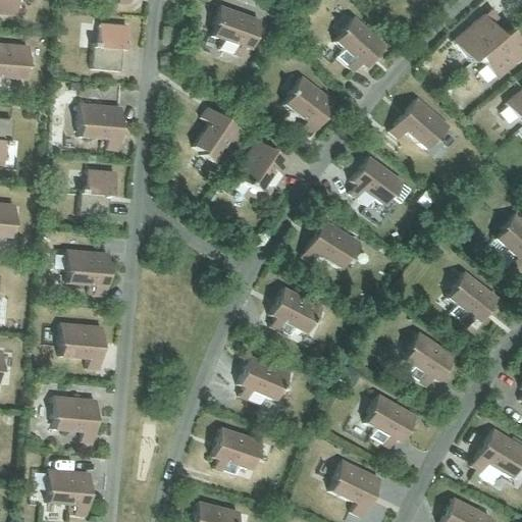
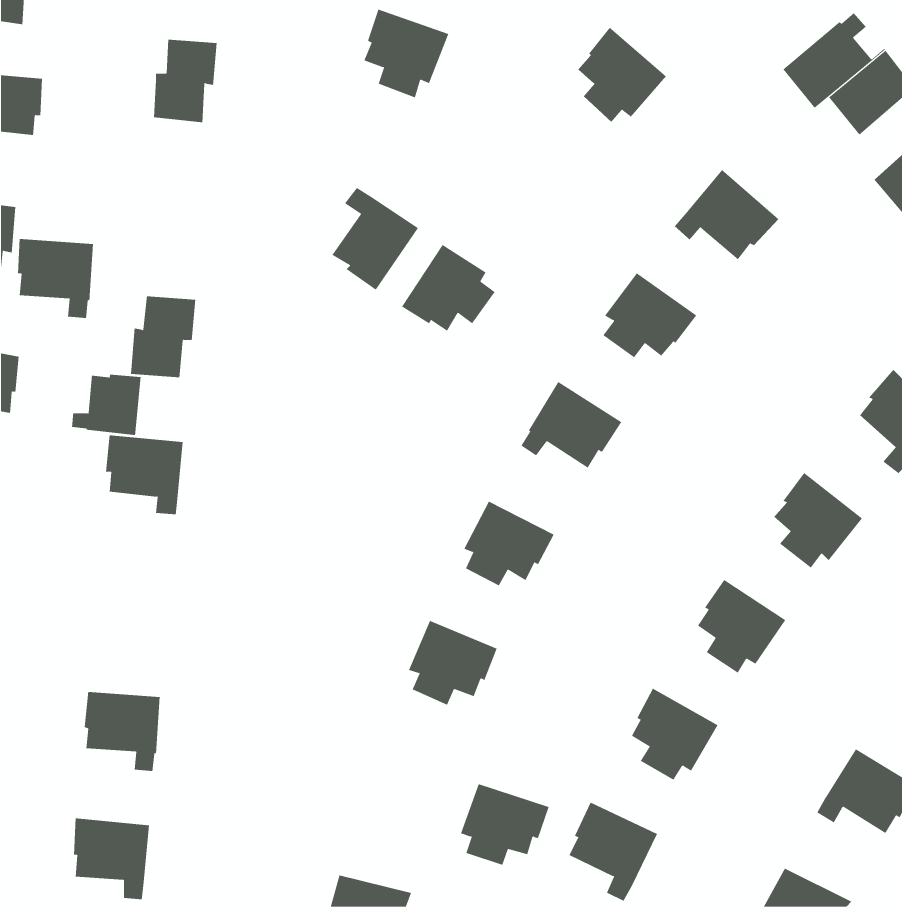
building: [284,75,336,135] -> none
building: [79,103,122,149] -> [17,238,94,319]
building: none -> [72,374,141,436]
building: [59,322,104,368] -> none
building: [212,427,263,474] -> [460,784,549,866]

